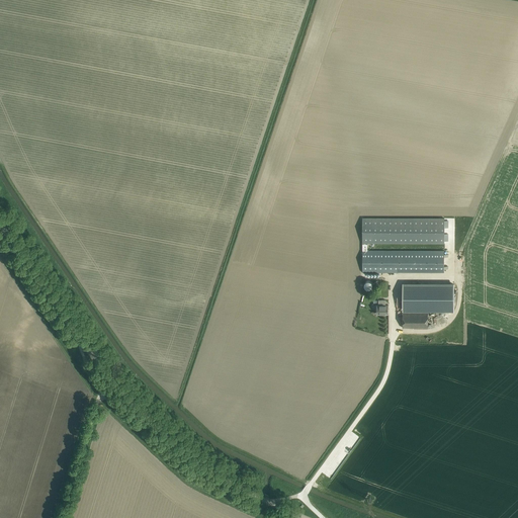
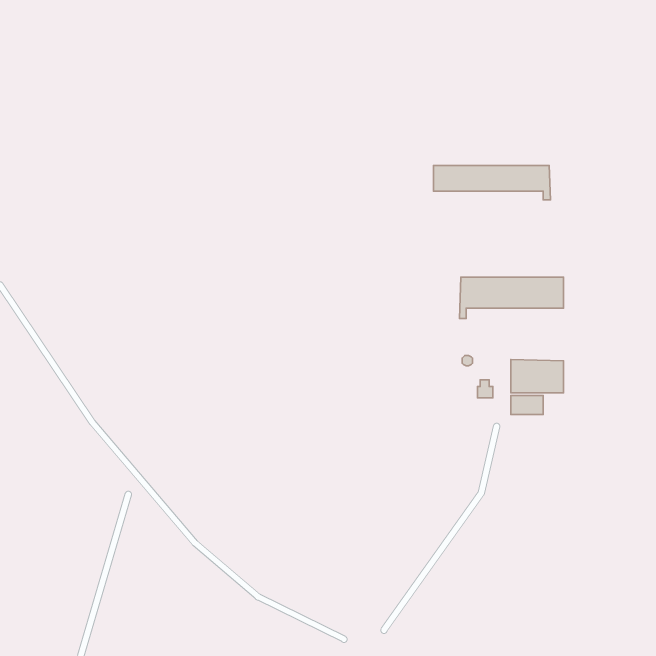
building: none -> [434,165,551,200]
building: [362,251,444,277] -> none

